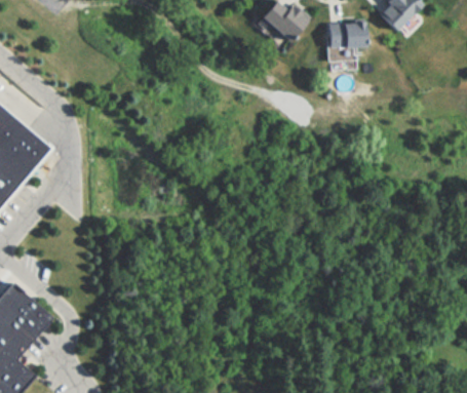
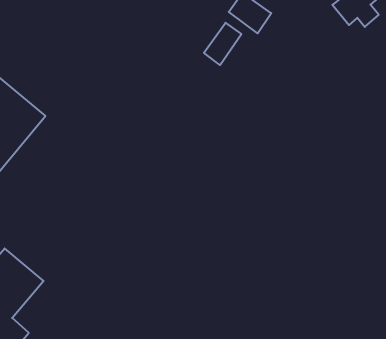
building: [325,24,364,63] -> none
building: none -> [204,23,241,65]

